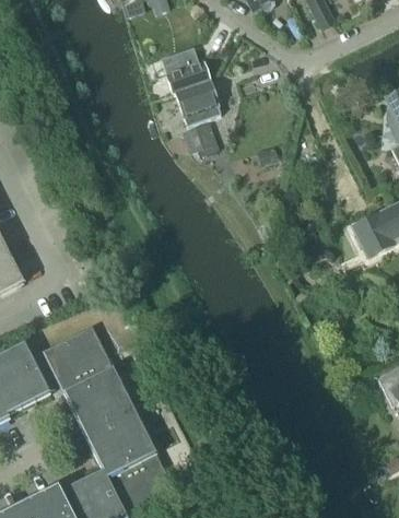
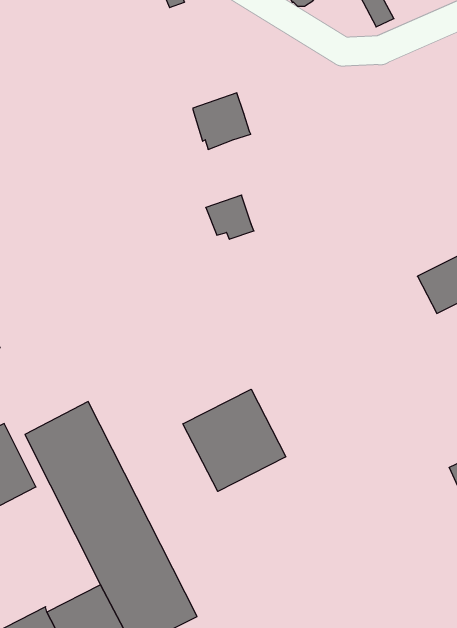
building: [161,46,210,93] -> none
building: [181,120,220,155] -> [206,195,254,239]
building: none -> [183,389,286,491]

